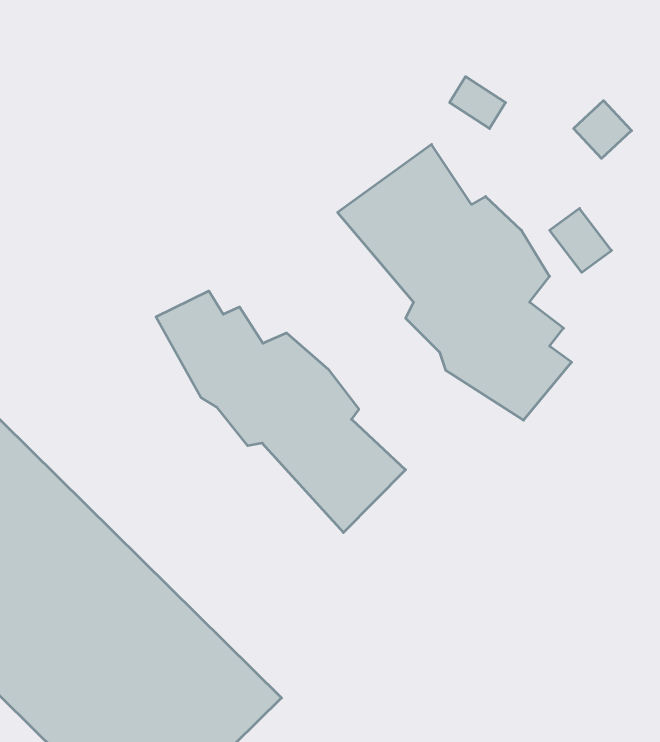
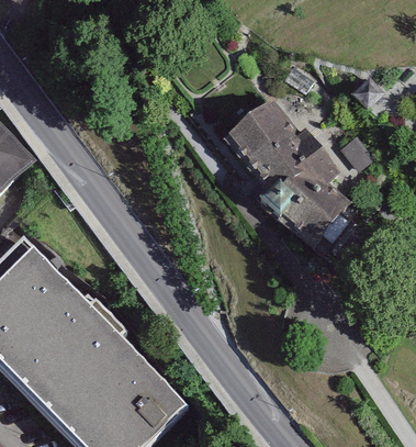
building: [156,291,406,533] -> none

